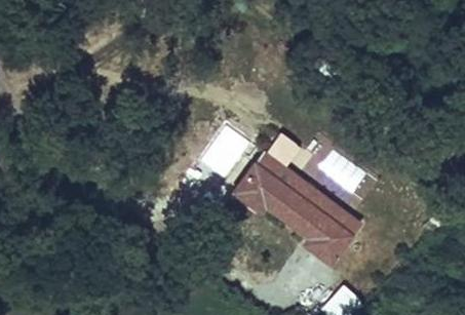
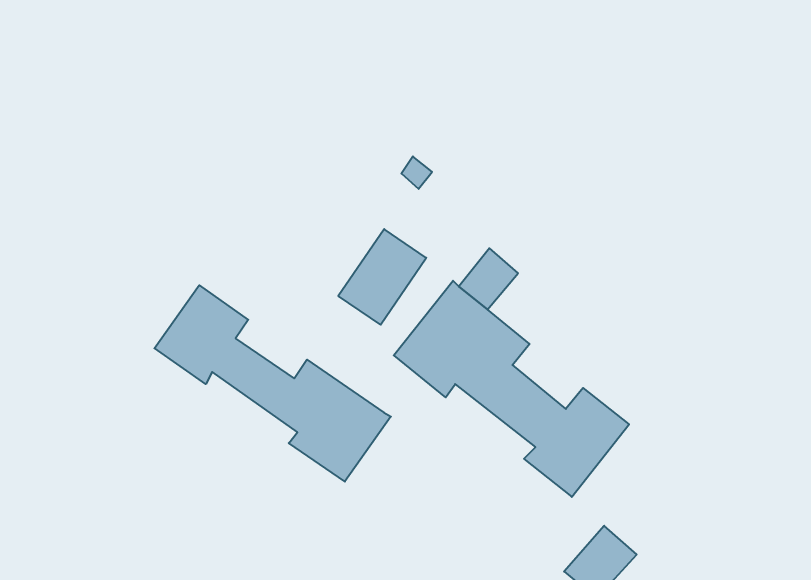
building: none -> [154,285,391,482]

